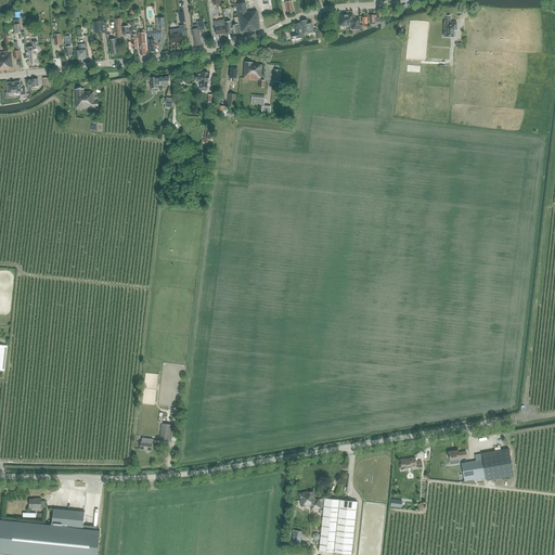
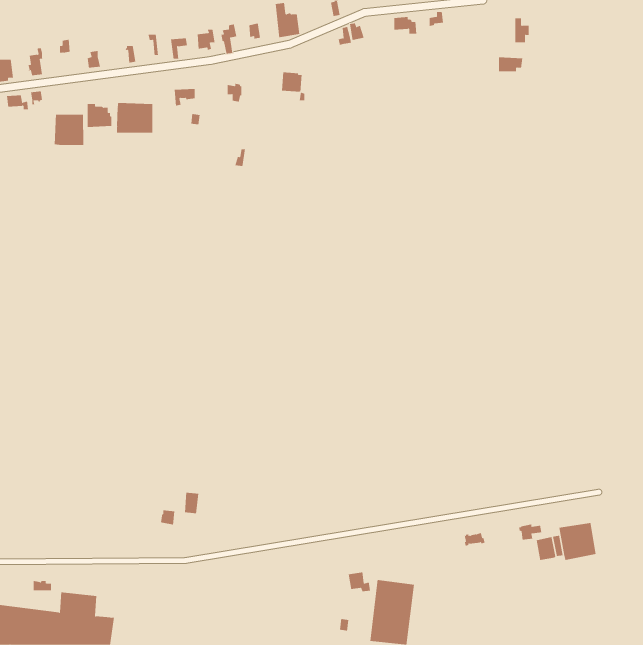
building: none -> [117,102,153,133]
building: none -> [54,114,84,146]

